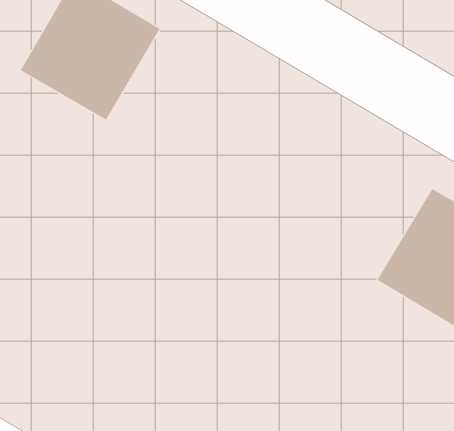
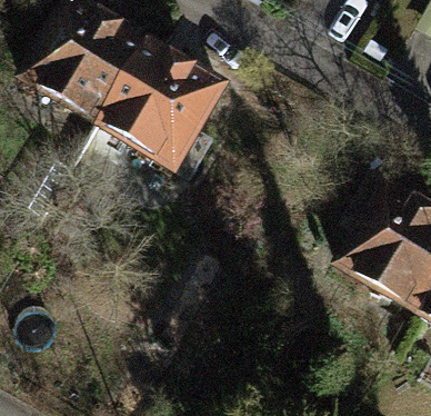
building: none -> [100,40,224,166]

